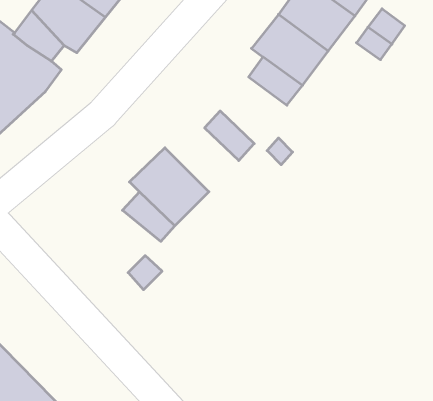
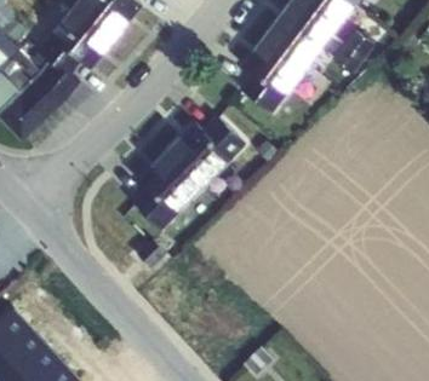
building: none -> [168,122,231,184]

